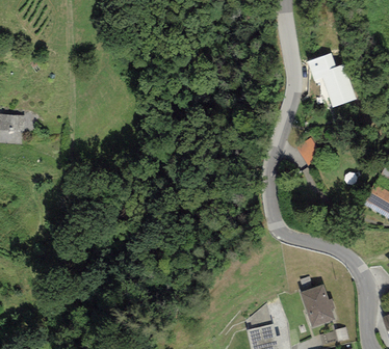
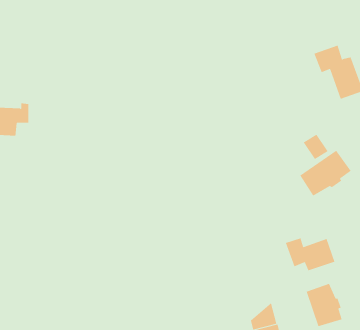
building: none -> [299,150,352,197]
building: none -> [285,238,335,271]

